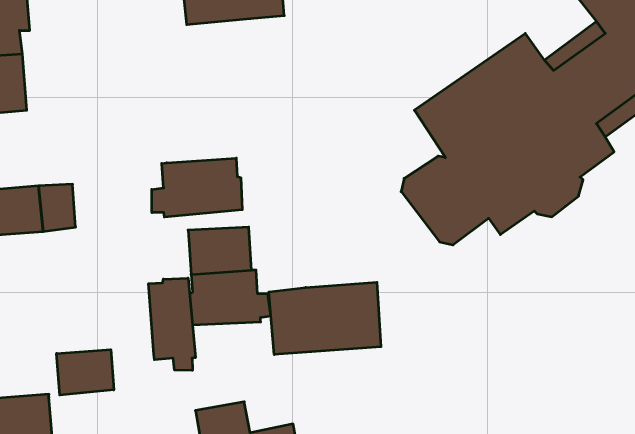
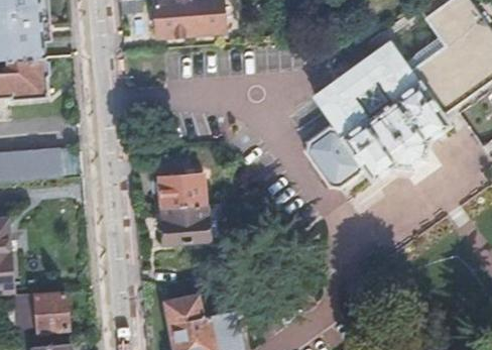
building: [152,158,242,217] -> none
building: [149,278,195,370] -> none
building: [269,282,381,355] -> none
building: [57,350,114,395] -> none

